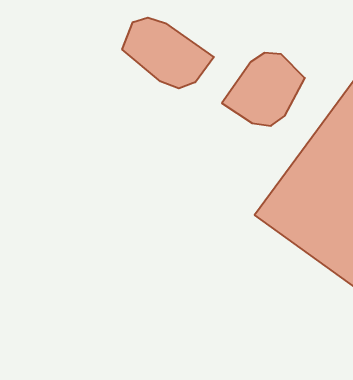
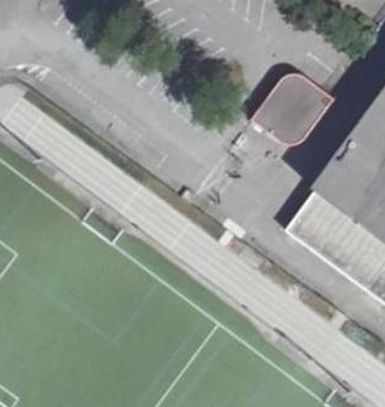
building: [122,18,214,88] -> none

